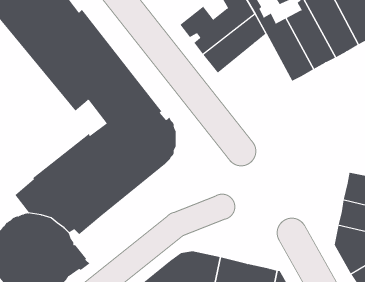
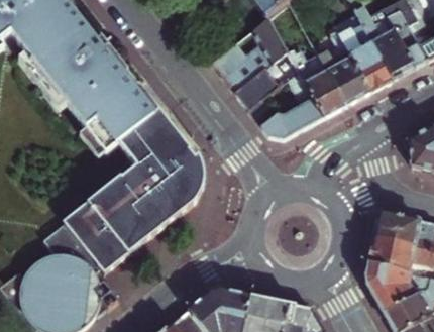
building: none -> [260,69,324,138]

